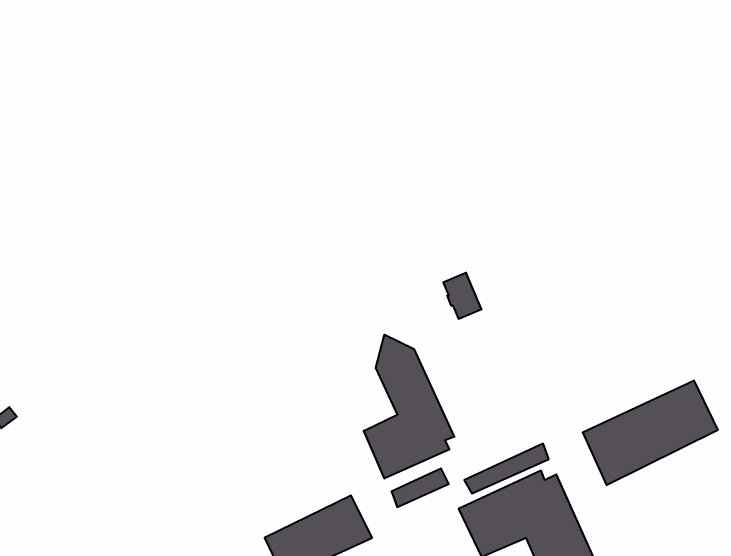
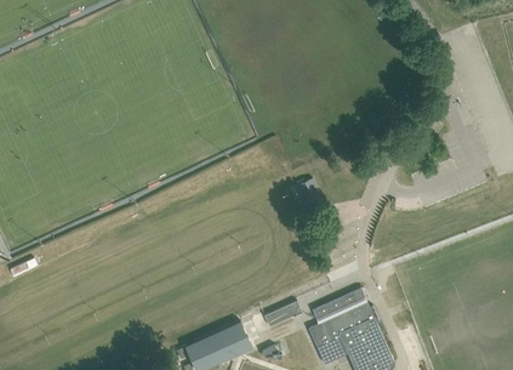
building: [364,335,454,479] -> none
building: [583,380,718,485] -> none

